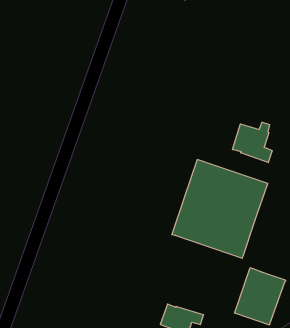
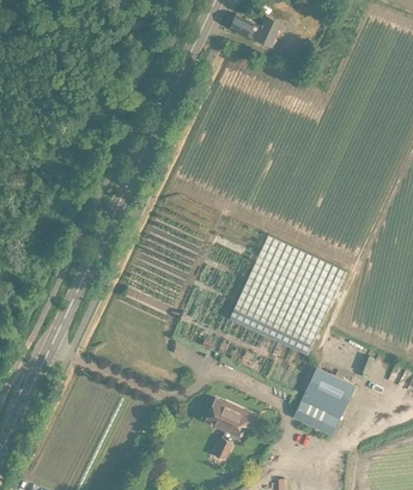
building: [233,122,272,163] -> none

